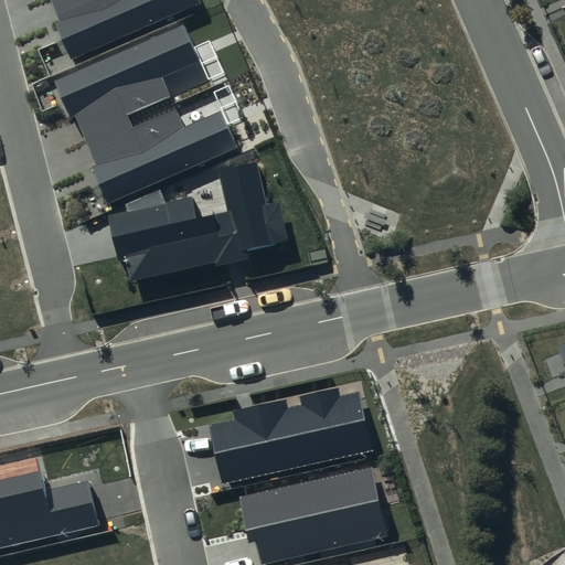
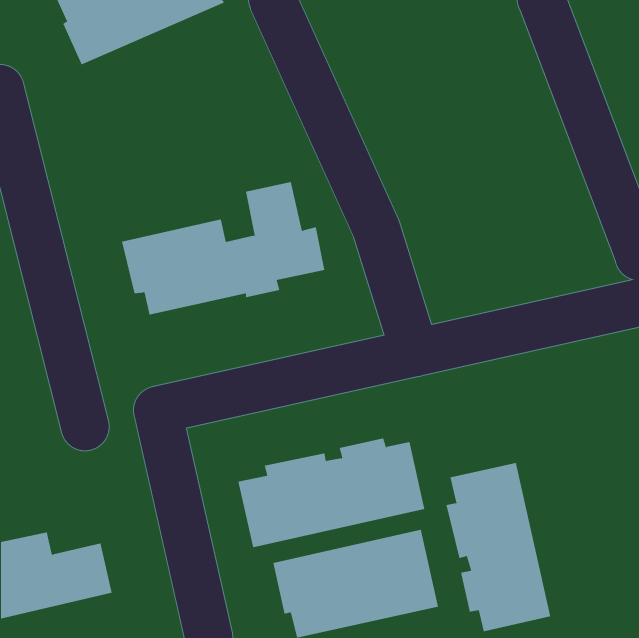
building: [55,25,235,202] -> none
building: none -> [446,462,551,632]

